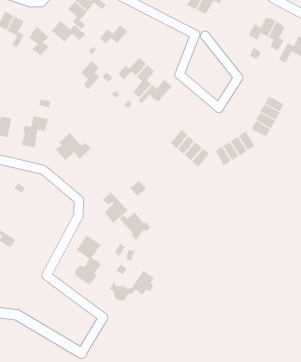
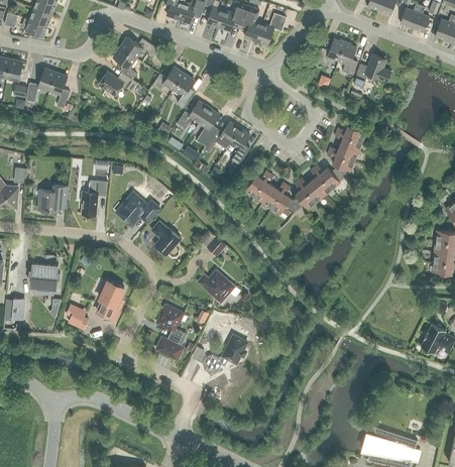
building: [29,26,49,56] -> none
building: [81,60,100,90] -> [174,74,196,107]
building: none -> [226,128,250,166]
building: [103,191,129,224] -> [151,220,182,255]
building: none -> [98,280,124,321]

